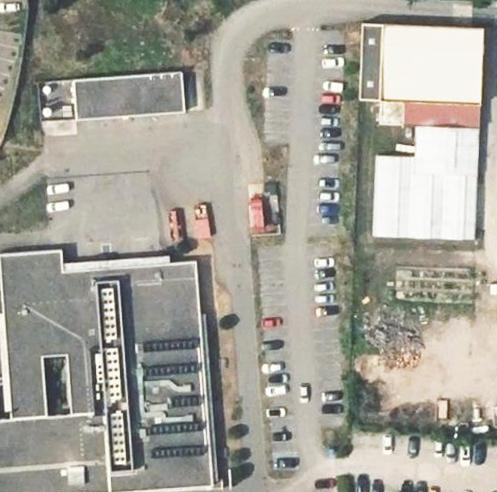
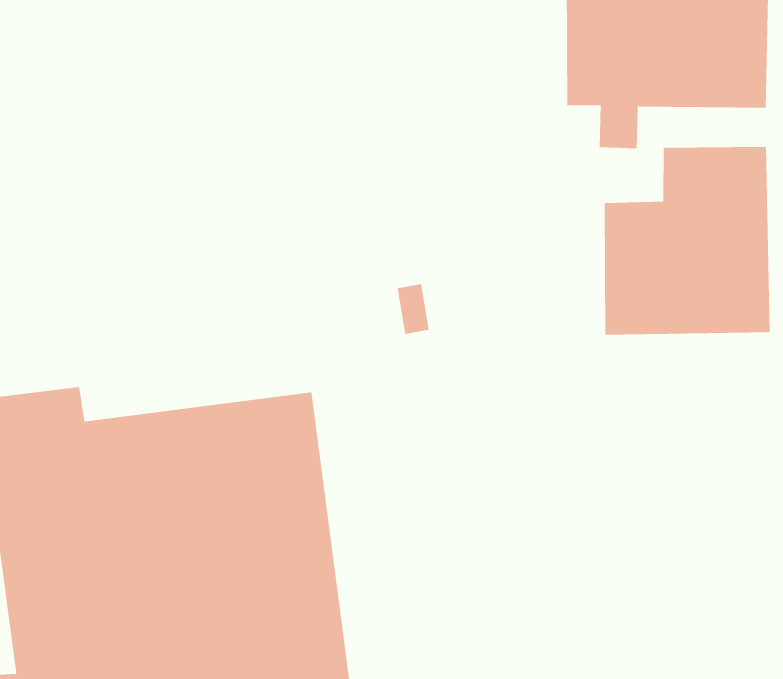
building: [76,73,192,118] -> none
building: [400,100,478,128] -> none

